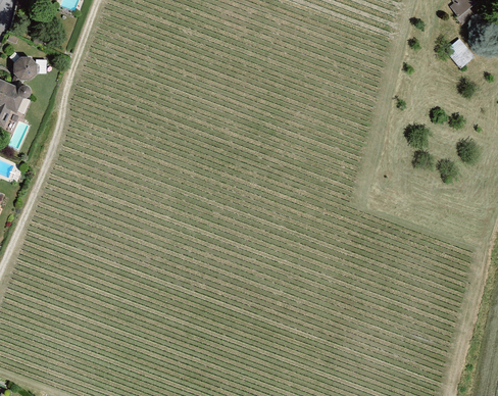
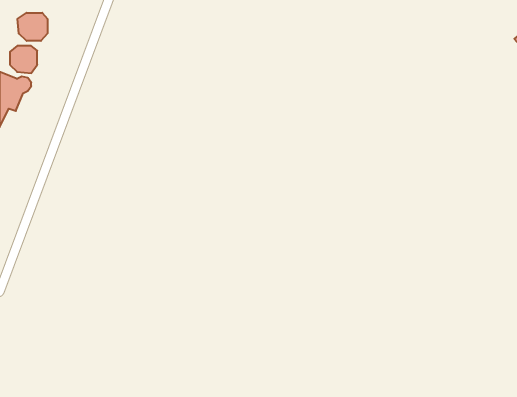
building: none -> [17,13,47,41]

